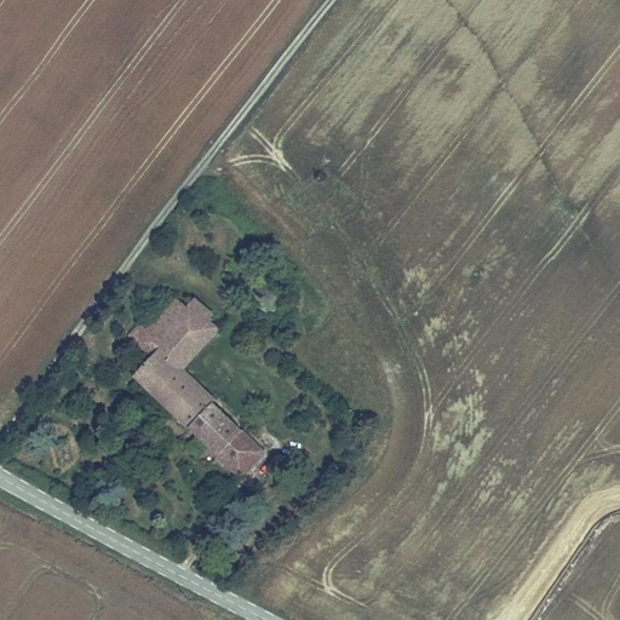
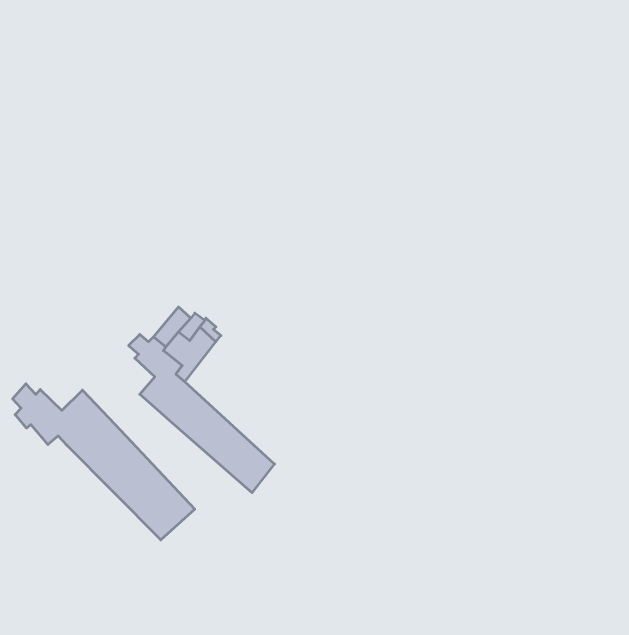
building: none -> [13,384,195,540]

